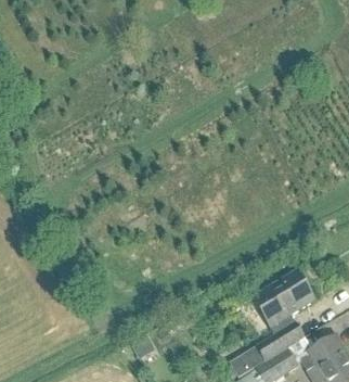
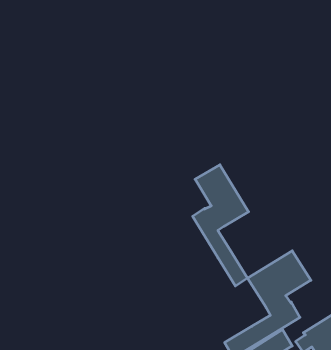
building: none -> [193,165,249,286]

